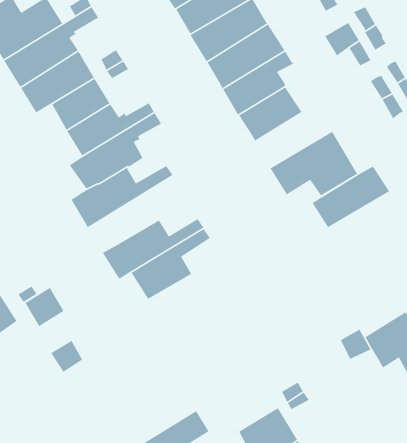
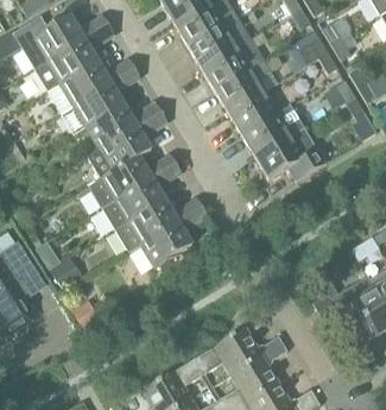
building: [311,166,390,229] -> [241,105,306,157]
building: none -> [103,163,181,227]
building: none -> [194,327,261,376]

